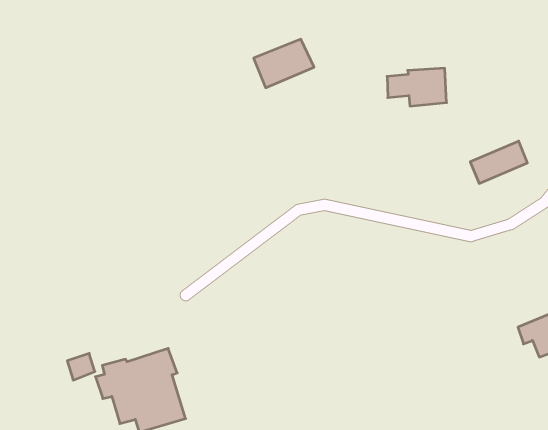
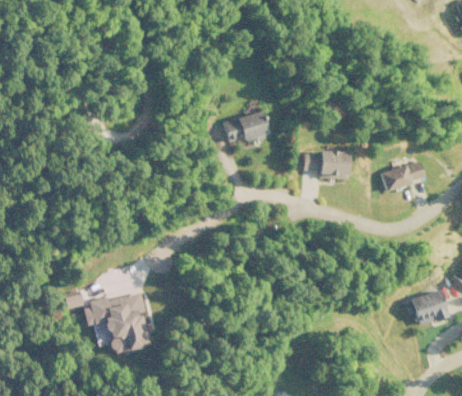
building: [254,39,314,88] -> [225,111,270,145]
building: [387,68,447,106] -> [305,151,350,178]

